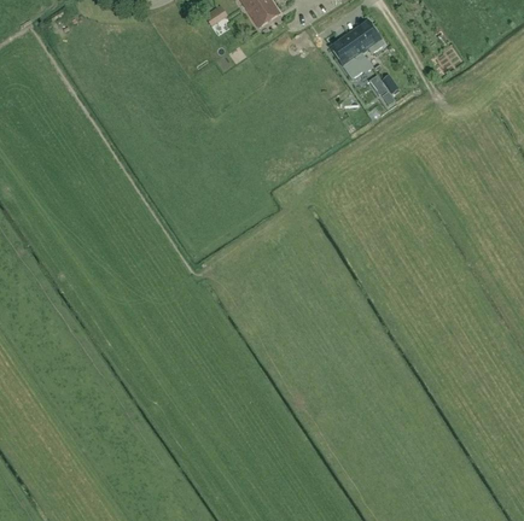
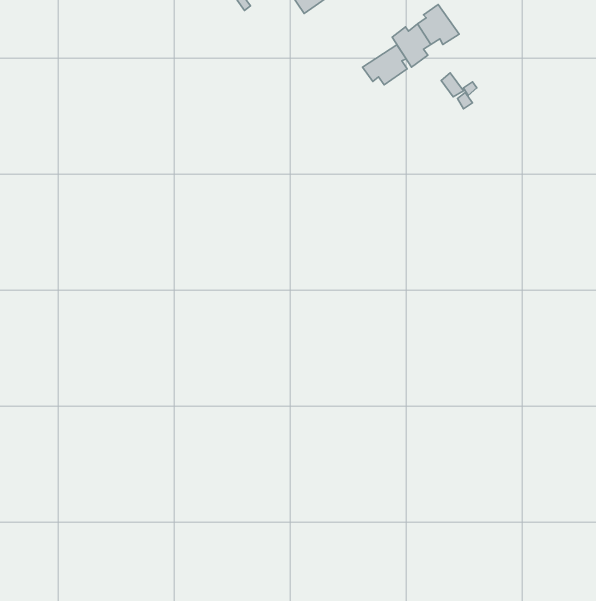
building: none -> [362,45,407,85]

